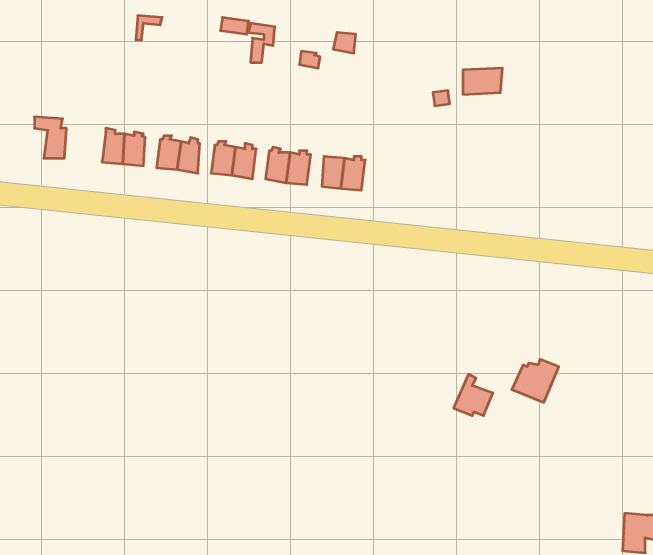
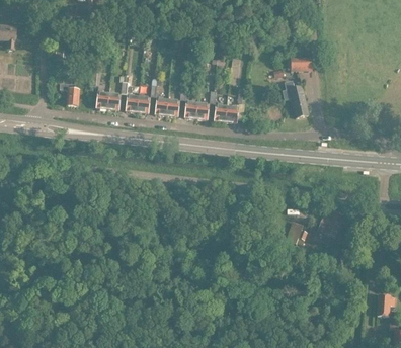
building: none -> [282,80,307,117]

